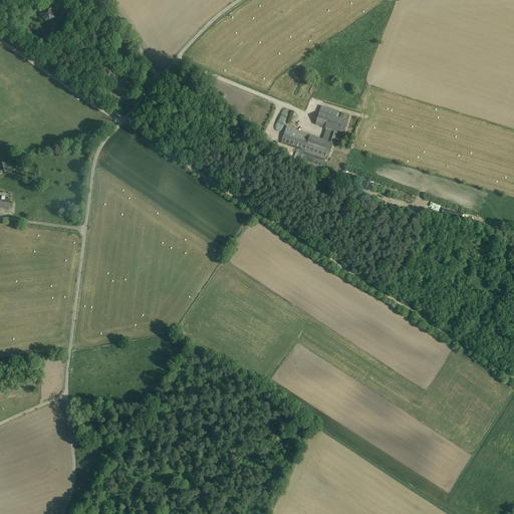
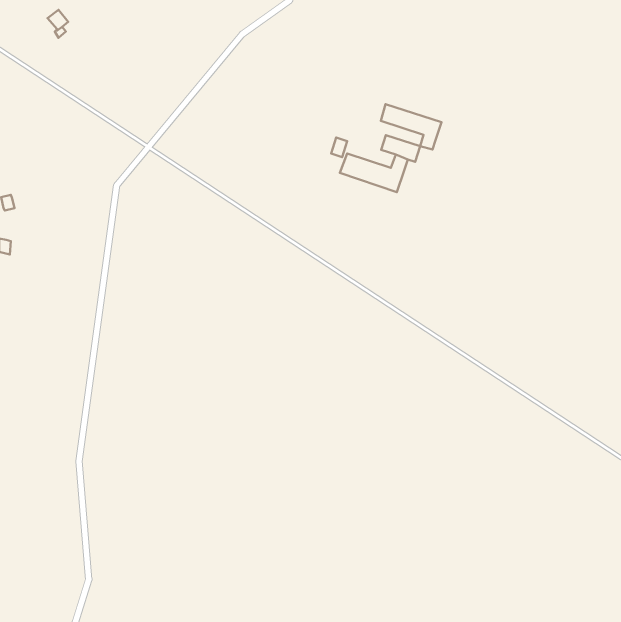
building: none -> [381,104,441,149]

